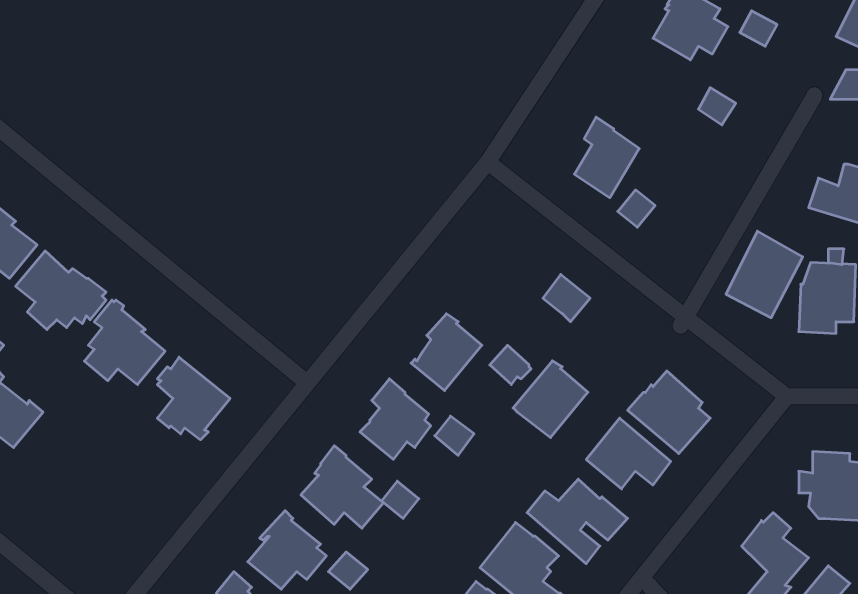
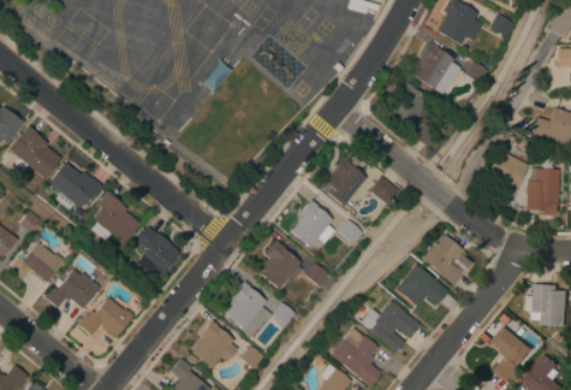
building: none -> [412,42,459,94]
building: [513,361,588,438] -> [320,159,365,206]
building: none -> [43,268,108,308]
building: none -> [77,297,132,337]

